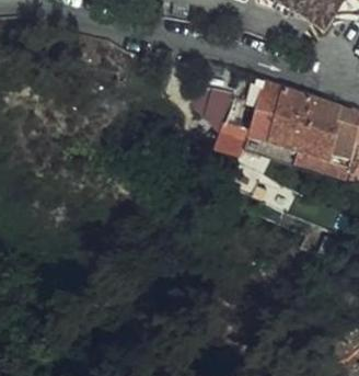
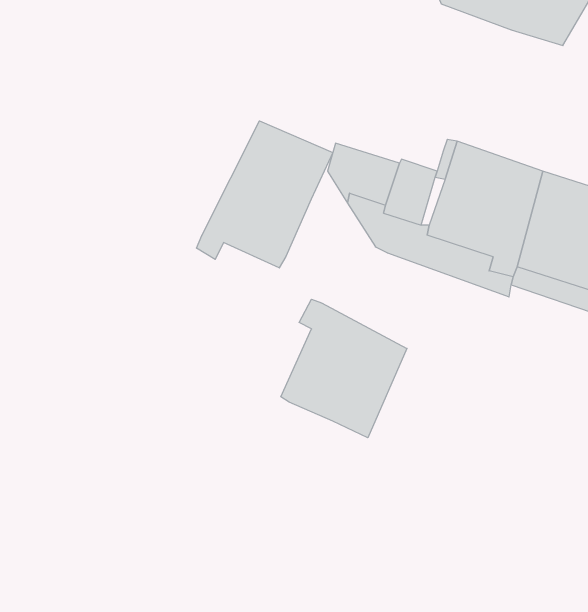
building: none -> [197,121,333,268]
building: none -> [281,299,407,438]

